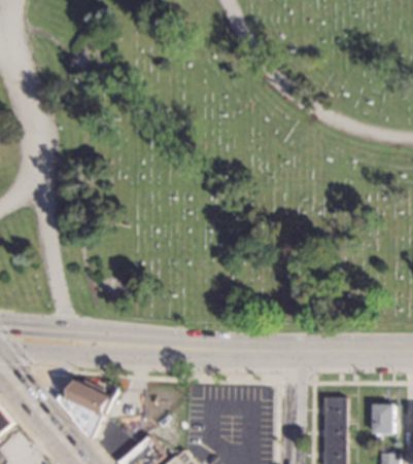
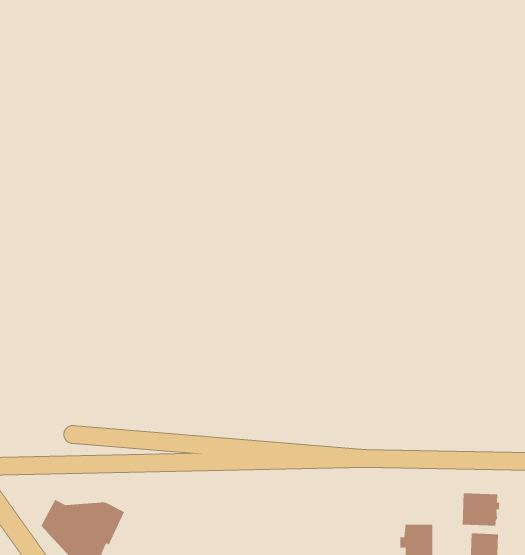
building: none -> [462,492,500,526]

